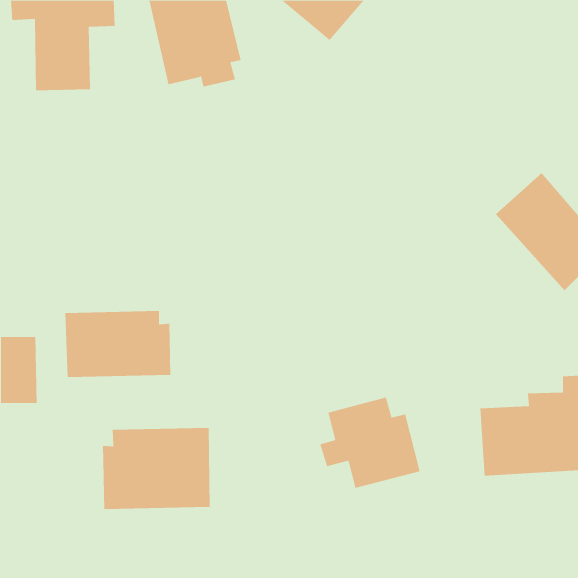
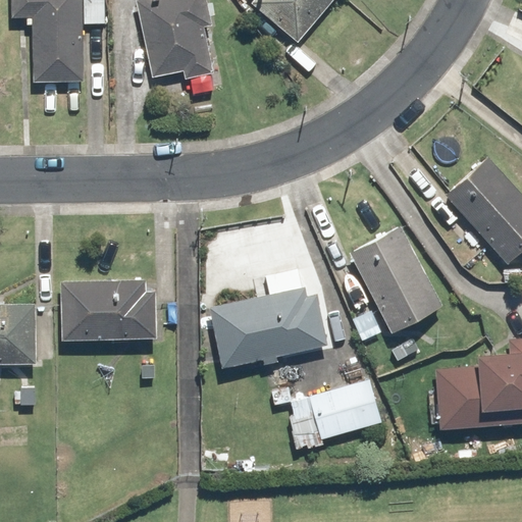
building: none -> [350,225,442,331]
building: none -> [209,288,326,367]
building: [102,427,210,510] -> none

